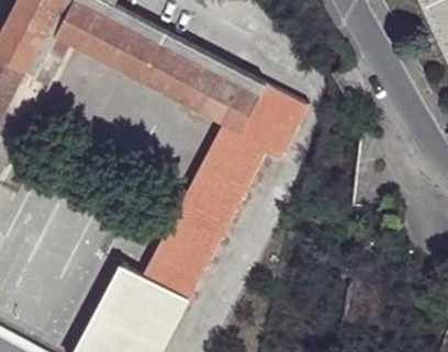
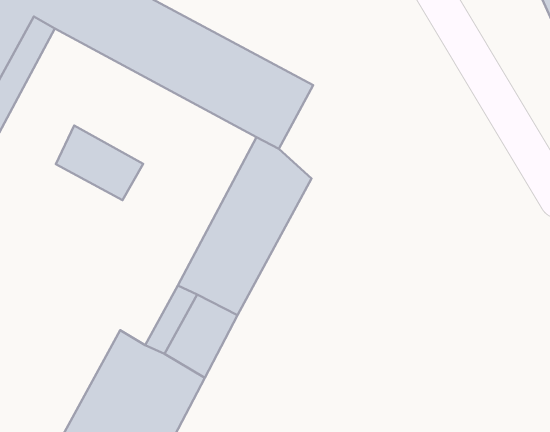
building: [238,88,304,163] -> none
building: none -> [56,125,143,200]

